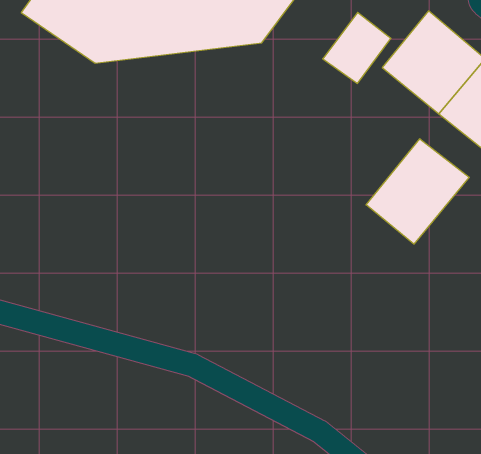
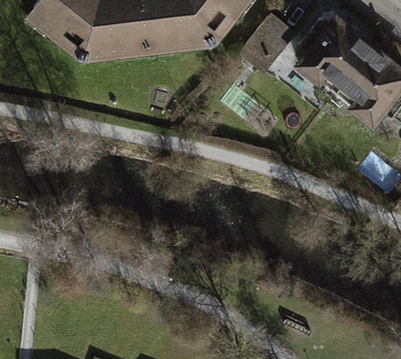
building: [366,139,469,244] -> none

